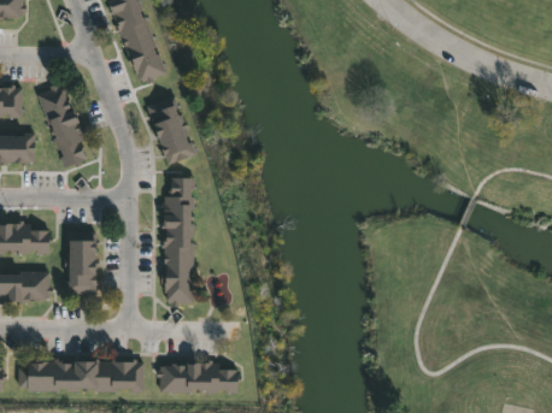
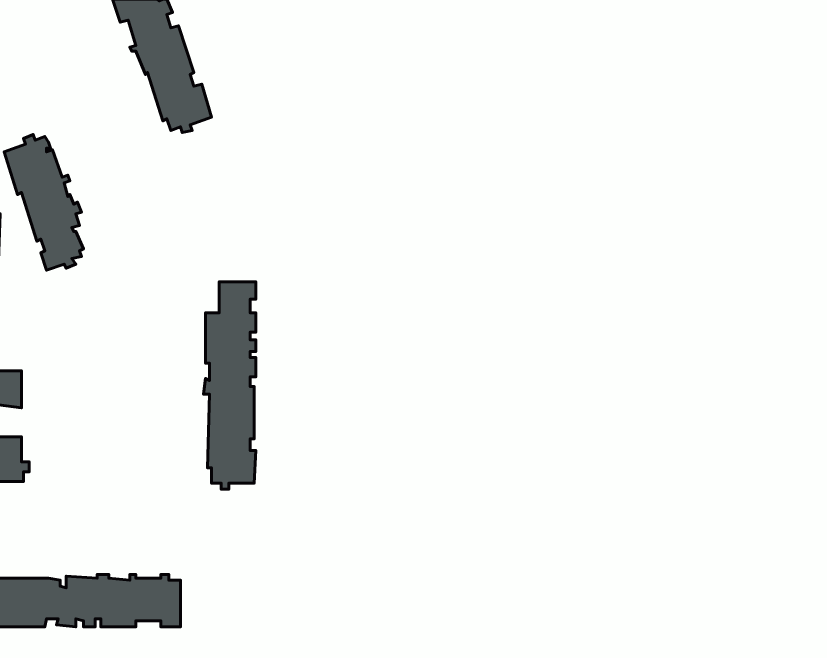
building: [149,95,200,164] -> none
building: [67,234,99,295] -> none
building: [159,360,243,393] -> none

